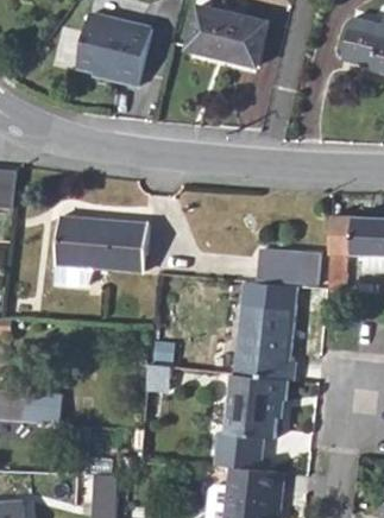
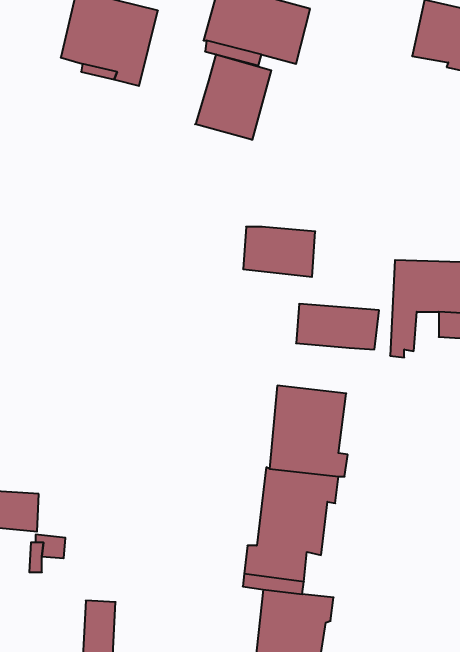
building: none -> [195,54,271,140]
building: [57,211,151,282] -> none
building: [241,279,296,317] -> [243,227,315,277]

